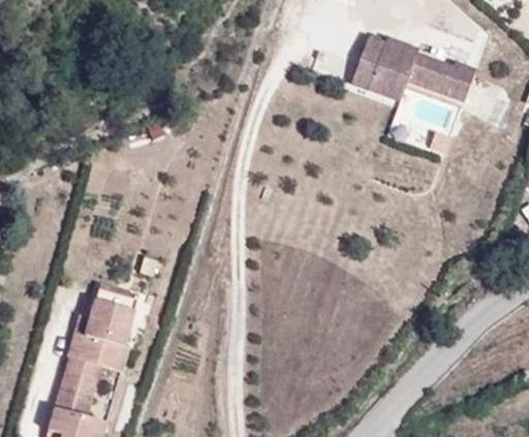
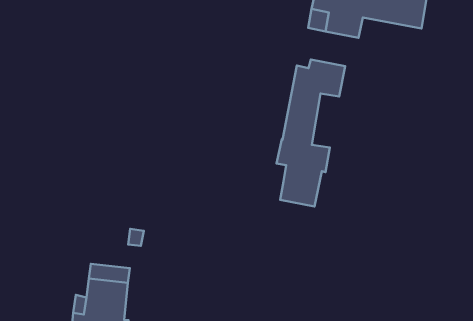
building: none -> [277,59,345,207]

